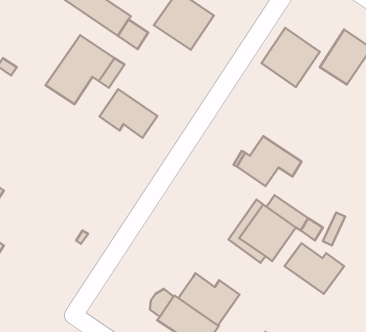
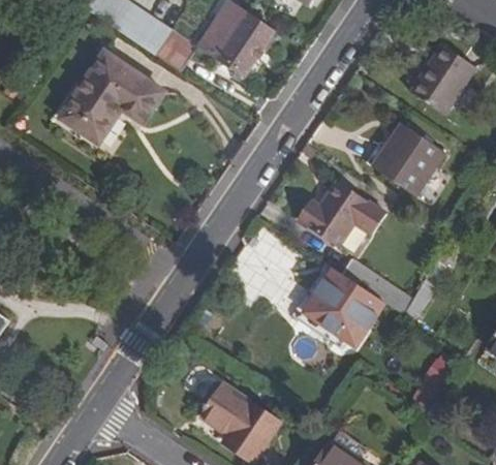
building: [262,28,320,87] -> [372,122,445,196]
building: [99,89,157,138] -> none
building: [285,243,344,294] -> none
building: [179,273,239,325] -> none

